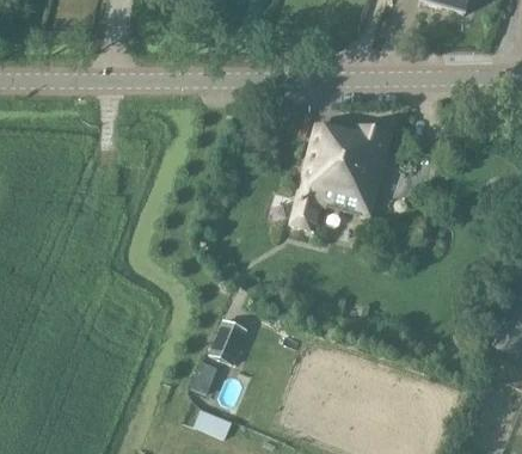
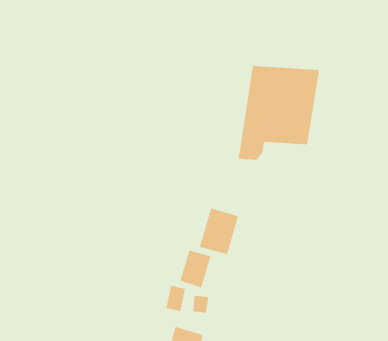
building: none -> [199,207,238,255]

